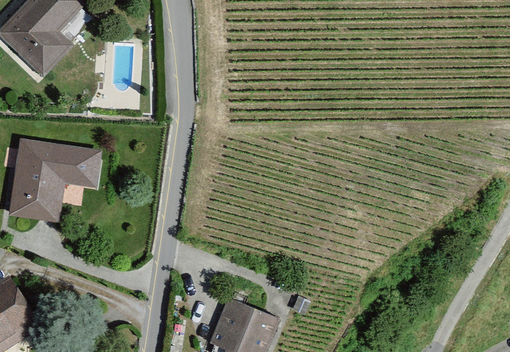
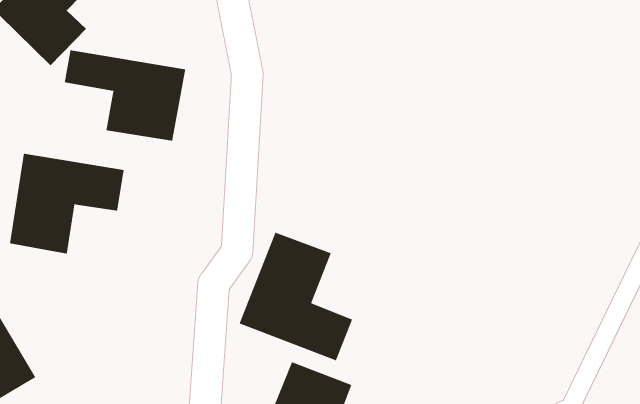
building: none -> [64,50,186,141]
building: none -> [239,232,353,361]

